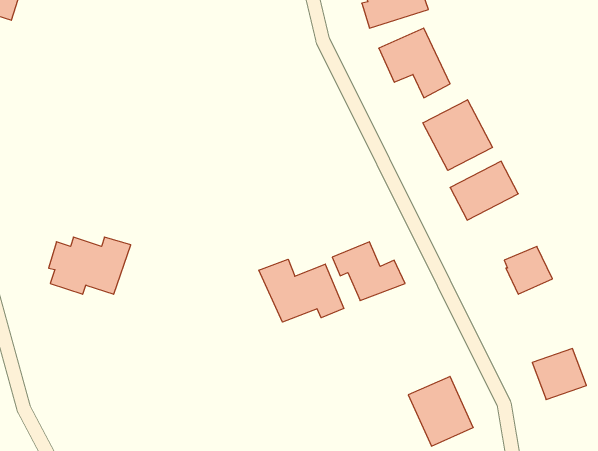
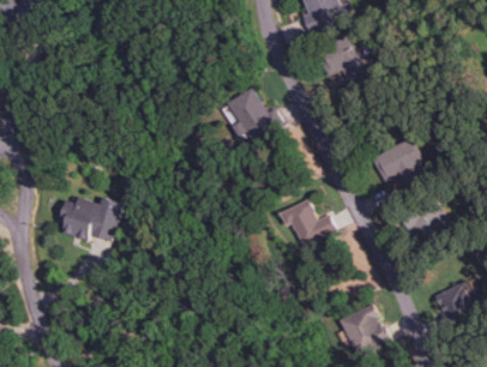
building: none -> [226,86,276,142]
building: [423,100,492,170] -> none
building: [259,259,344,322] -> none

